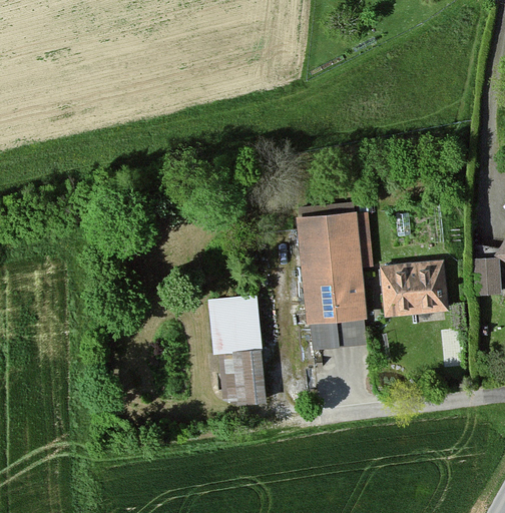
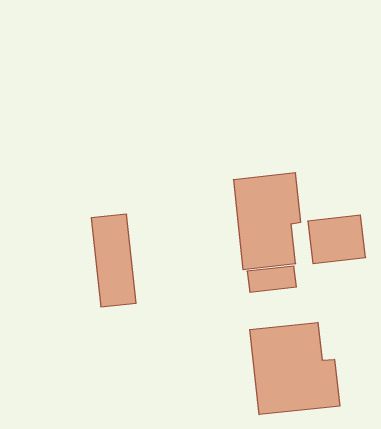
building: [212,298,265,405] -> [91,214,136,307]
building: none -> [250,322,340,415]

